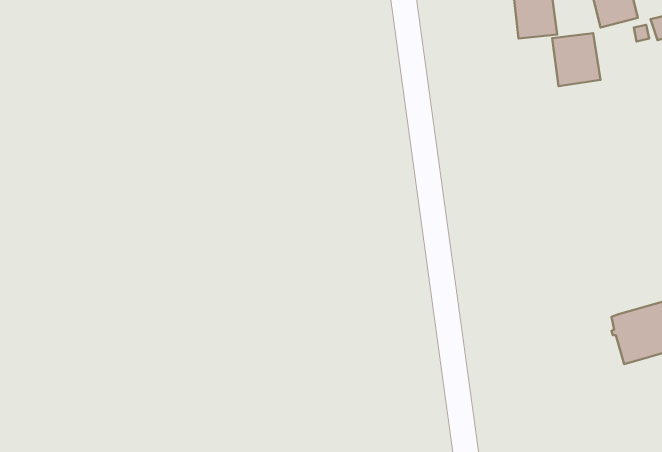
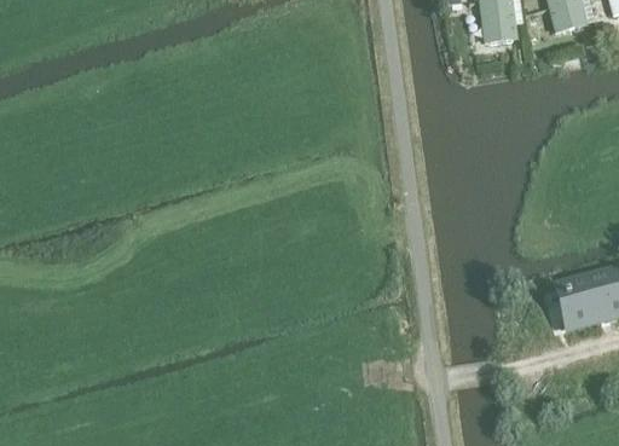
building: [552,33,600,86] -> none

